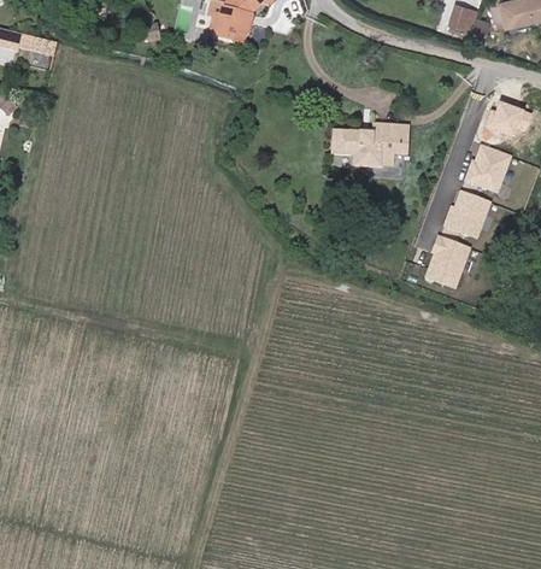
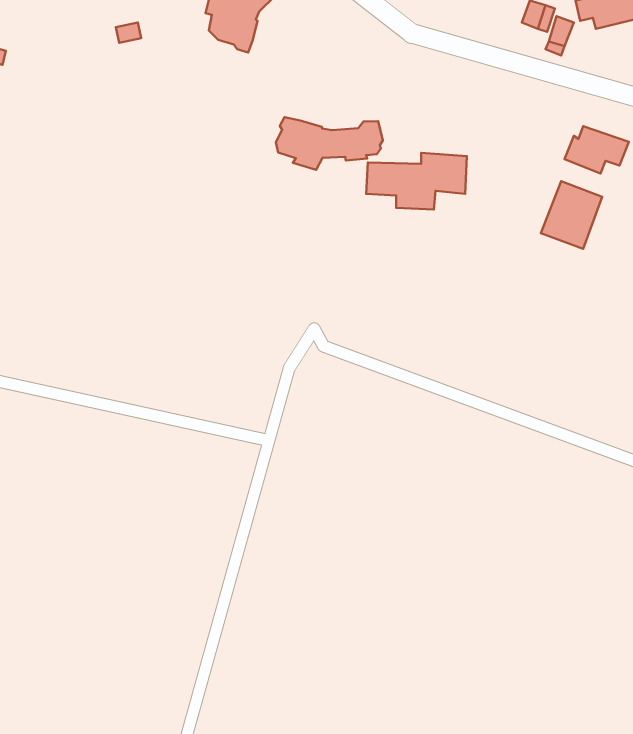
building: none -> [276,117,383,170]
building: [446,189,492,240] -> none
building: [424,235,471,291] -> none

